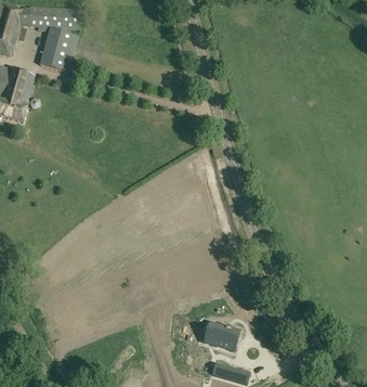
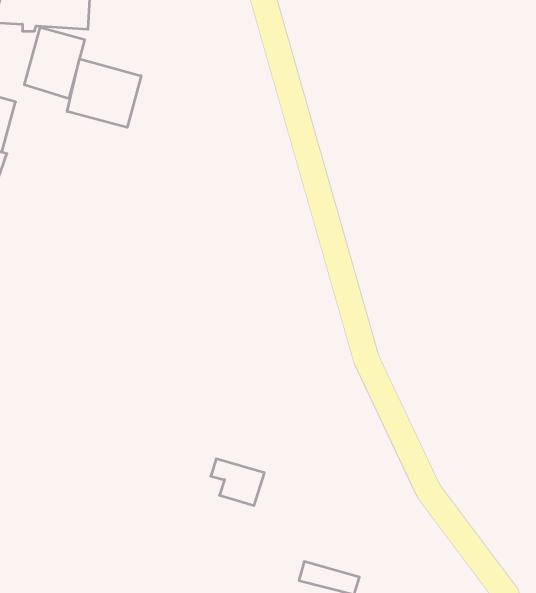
building: none -> [67,59,141,127]
building: [206,324,239,353] -> [211,459,264,506]

